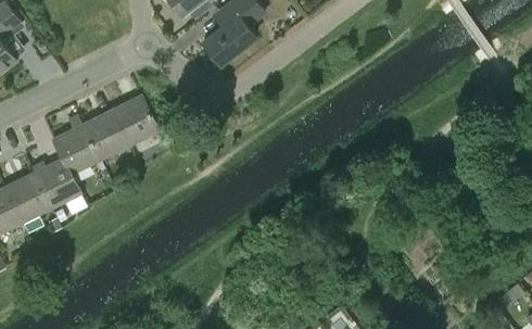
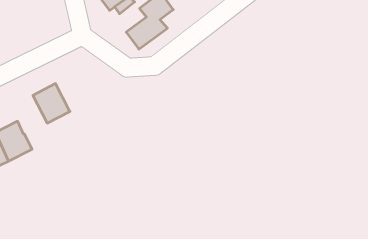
building: [111,96,157,145] -> none
building: [52,125,100,175] -> none

